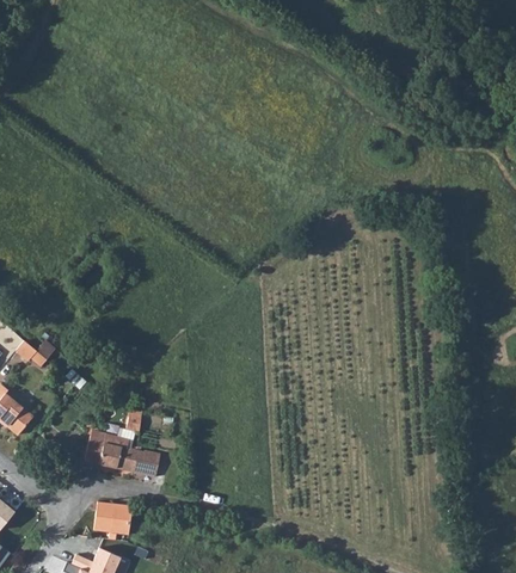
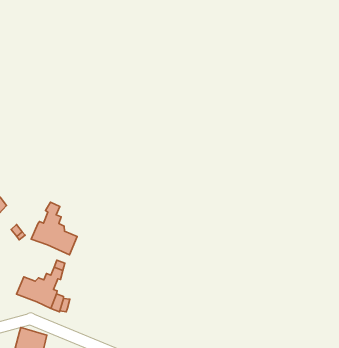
building: none -> [31,202,77,255]

